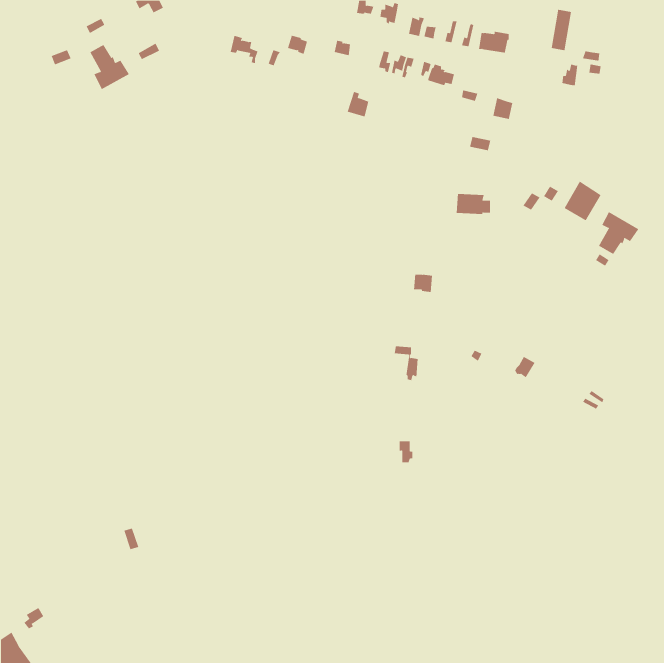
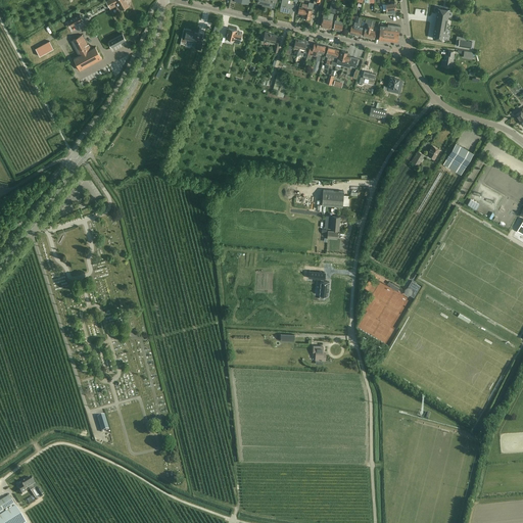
building: [456,194,491,214] -> [322,191,349,207]
building: [598,211,639,255] -> none

